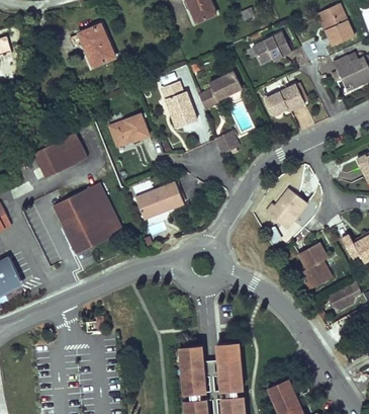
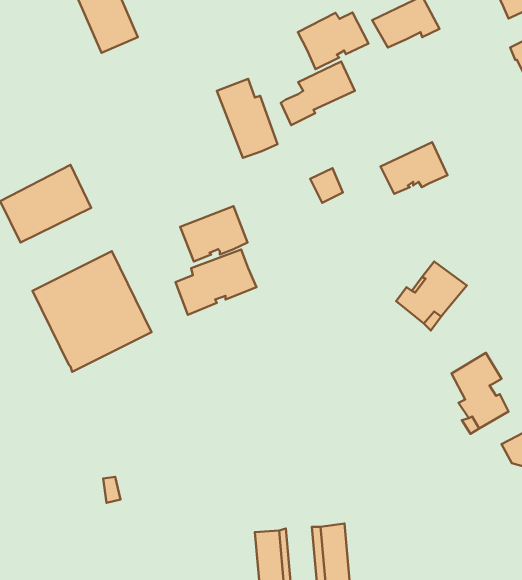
building: none -> [298,12,368,69]
building: [265,84,304,114] -> [380,142,448,194]
building: [109,113,149,146] -> [180,206,247,261]

